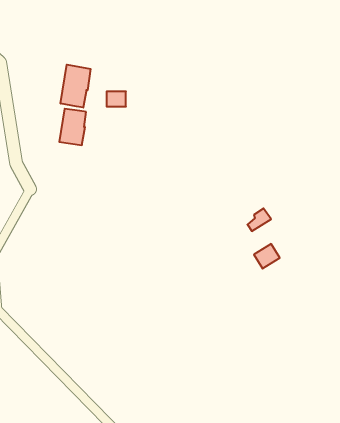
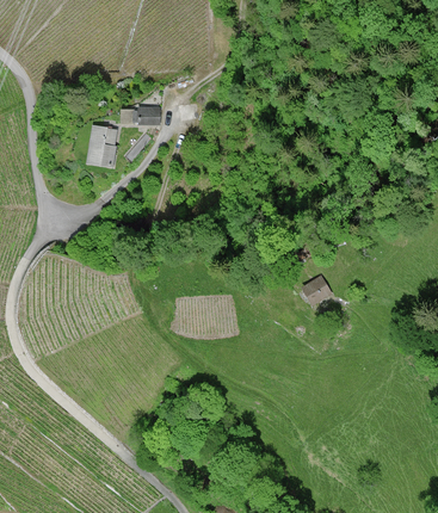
building: [61,65,91,108] -> none

